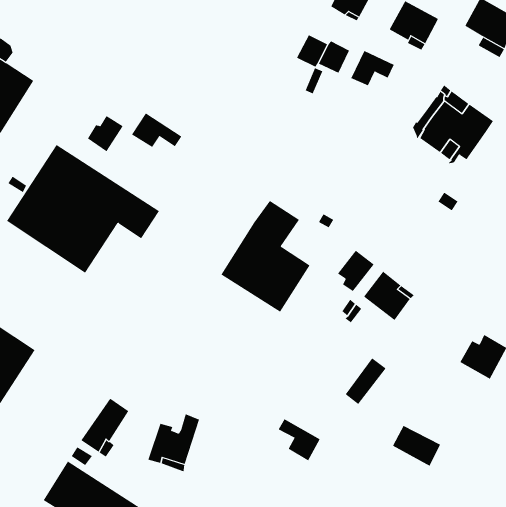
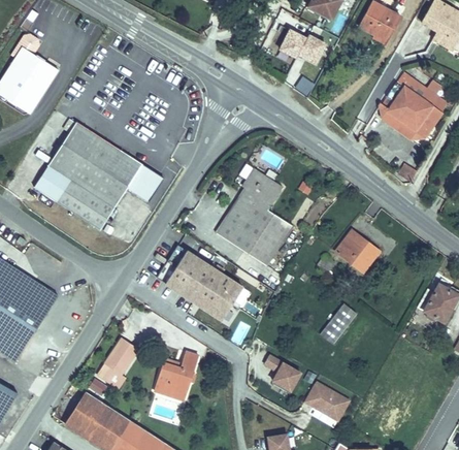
building: [351,50,395,86] -> none
building: [131,113,182,148] -> none
building: [87,115,123,152] -> none
building: [337,250,375,292] -> none
building: none -> [165,251,242,320]
building: [392,425,441,466] -> [307,385,349,420]

